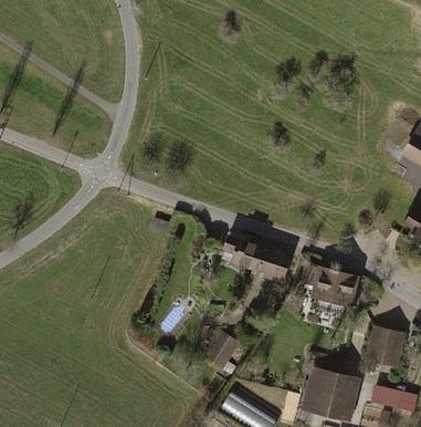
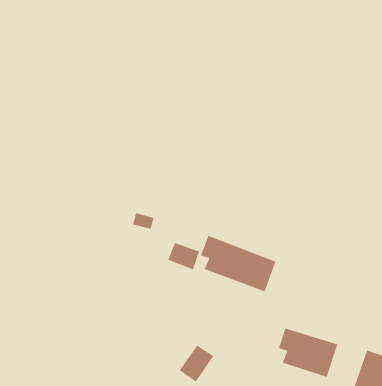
building: none -> [167,242,200,270]
building: [304,265,358,308] -> [278,328,338,377]

